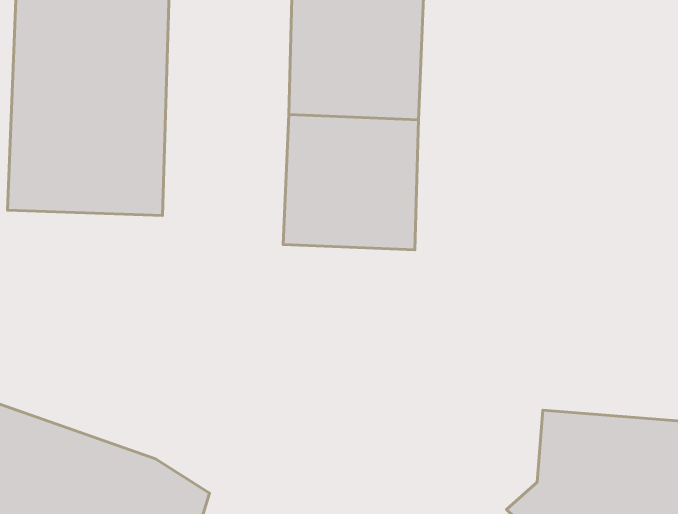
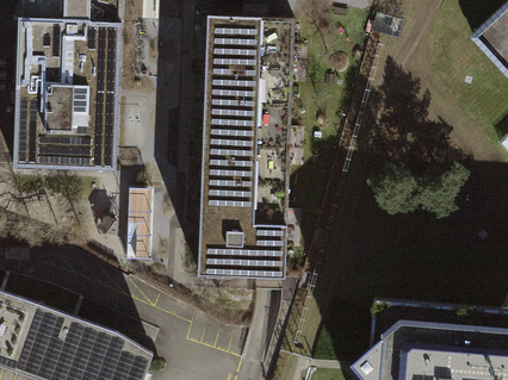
building: none -> [197,192,287,281]

